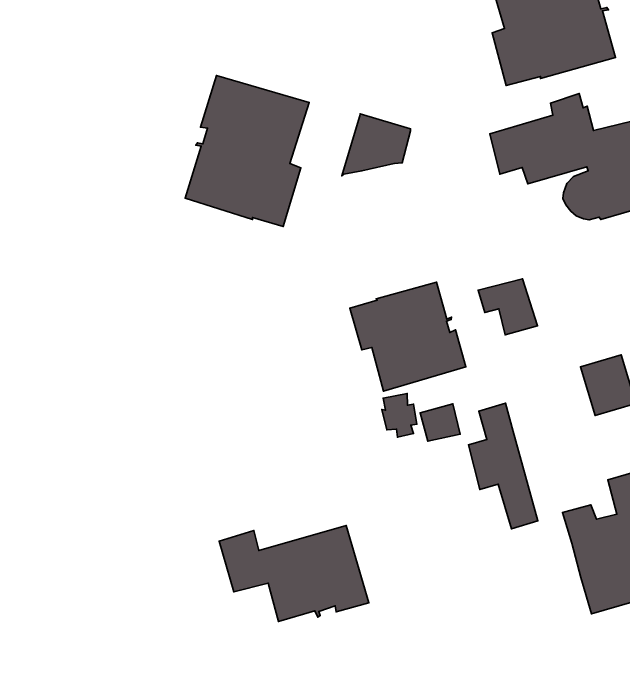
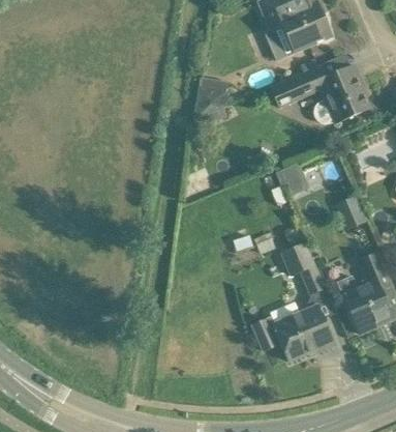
building: [185,75,309,226] -> none
building: [350,282,466,391] -> none
building: [219,526,369,621] -> [251,305,335,361]

